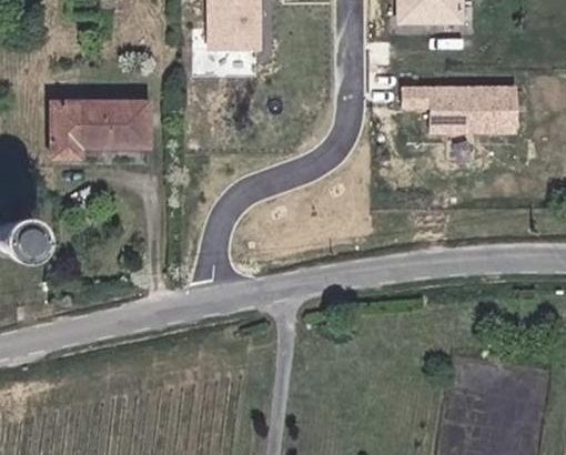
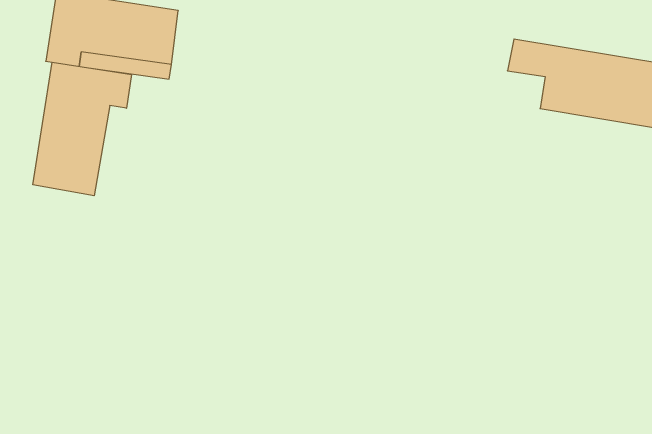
building: none -> [33,62,132,196]

